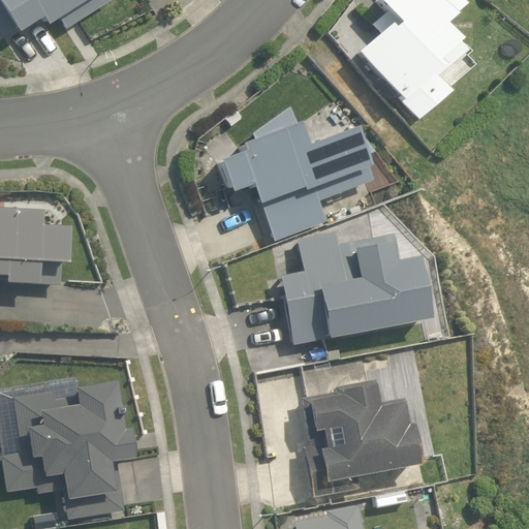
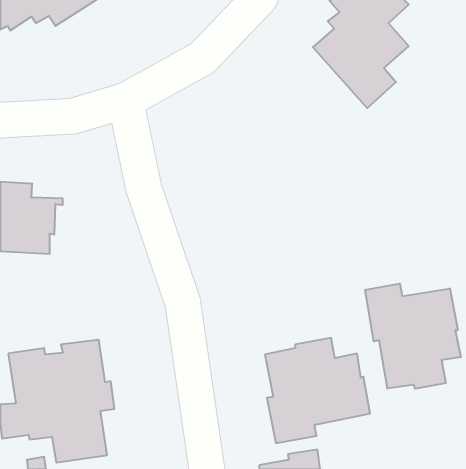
building: [218,104,374,240] -> none
building: [281,230,430,343] -> none
building: none -> [365,284,461,389]

